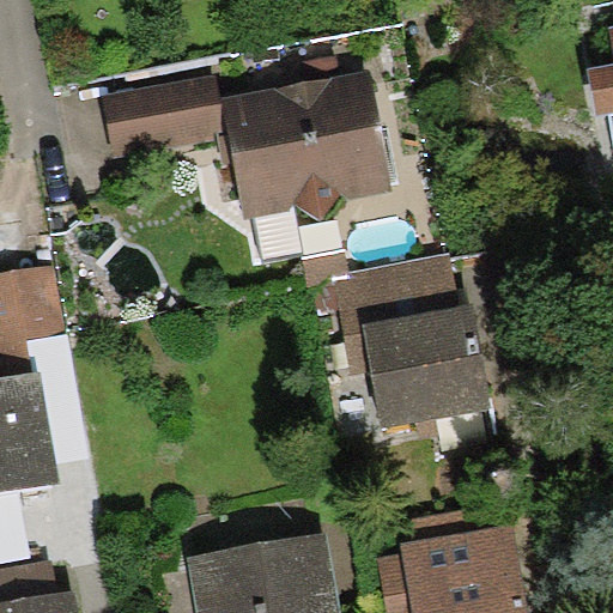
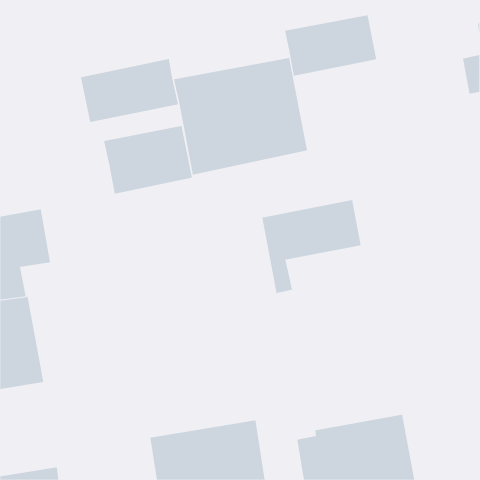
building: none -> [284,14,377,77]
building: none -> [104,125,193,195]
building: [364,310,491,432] -> none

